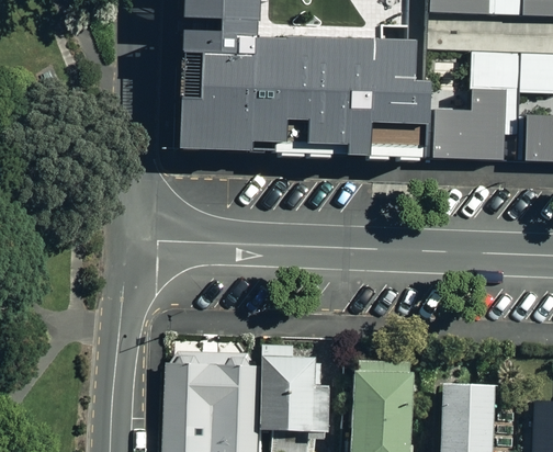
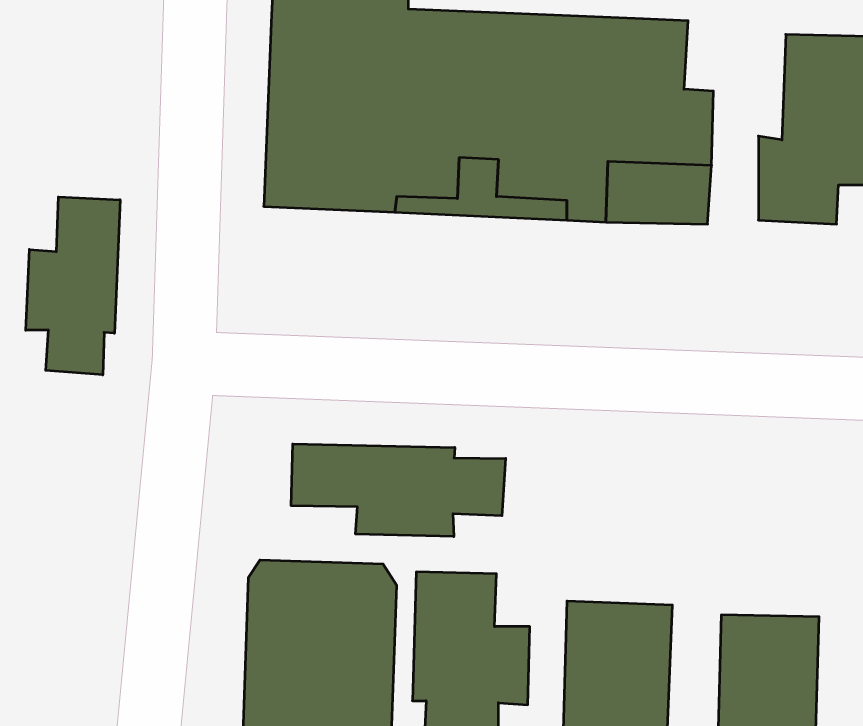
building: none -> [26,197,120,375]
building: none -> [291,444,506,537]

